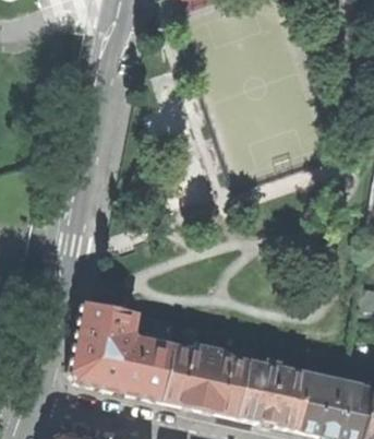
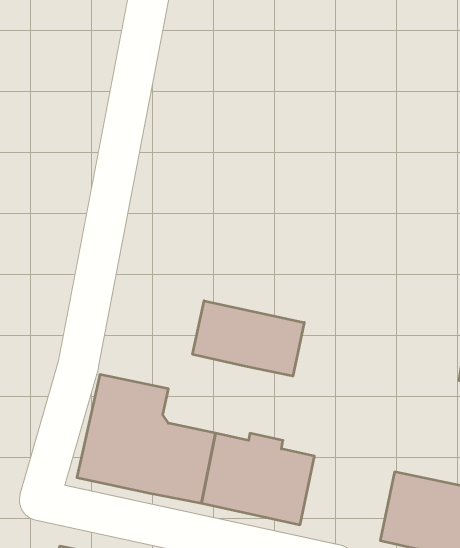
building: none -> [193,301,304,376]
building: [237,363,309,427] -> none

